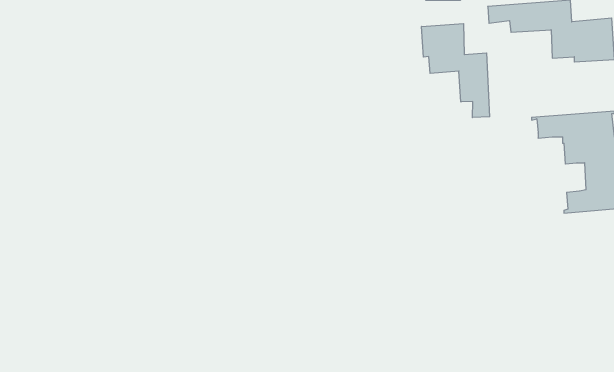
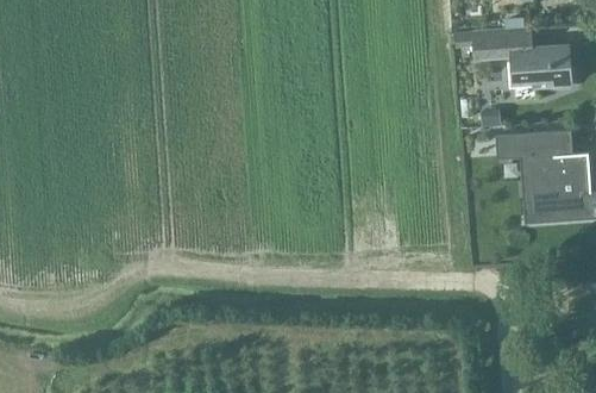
building: [422,24,490,118] -> none

